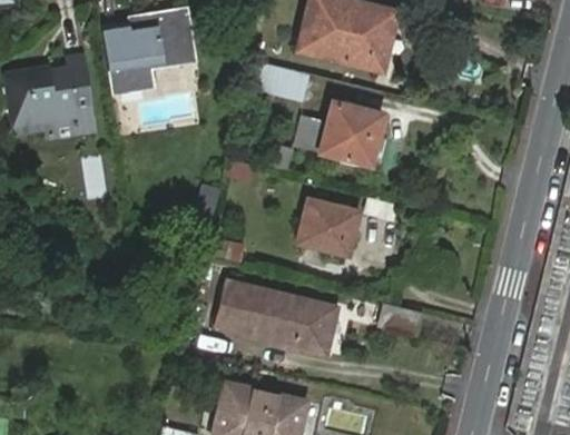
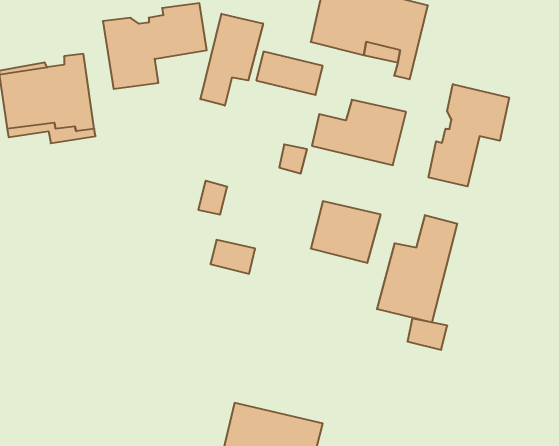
building: none -> [200,14,263,106]
building: none -> [428,84,509,186]
building: none -> [377,215,457,322]
building: [217,284,332,352] -> none

